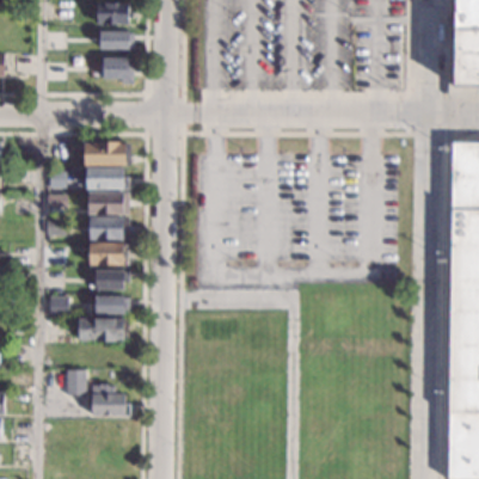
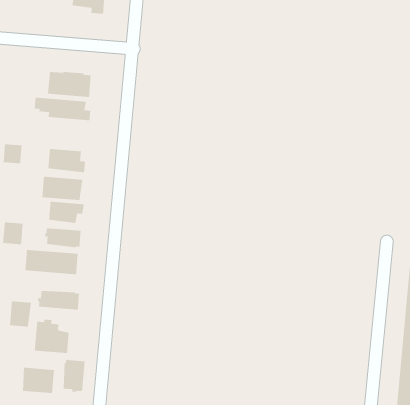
building: [86,190,129,214] -> none
building: none -> [37,290,80,310]
building: none -> [63,359,85,392]
building: none -> [22,367,55,394]

